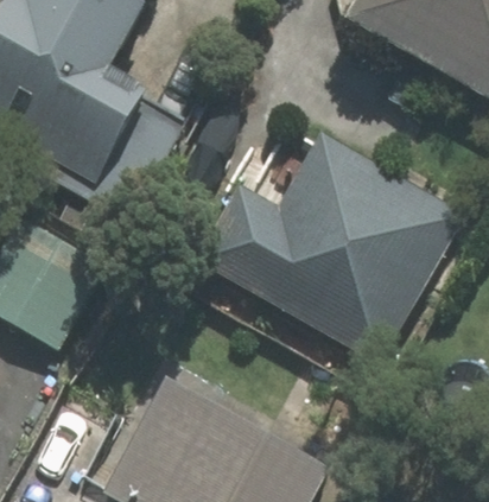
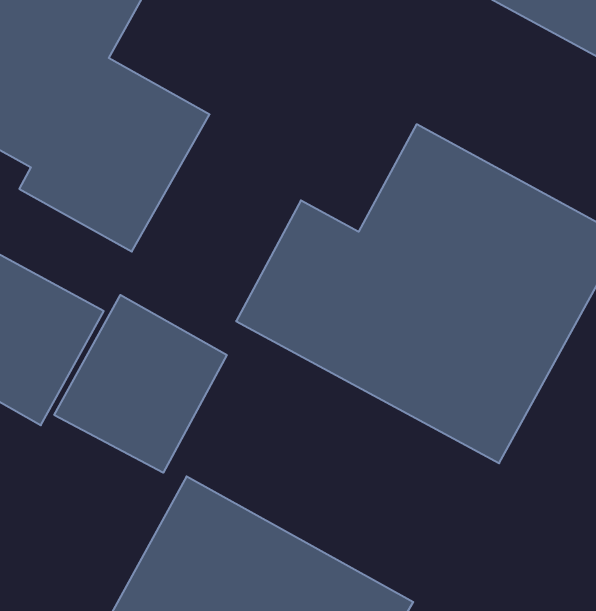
building: none -> [54,295,227,473]

